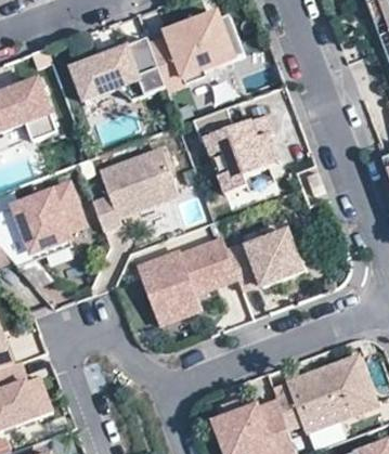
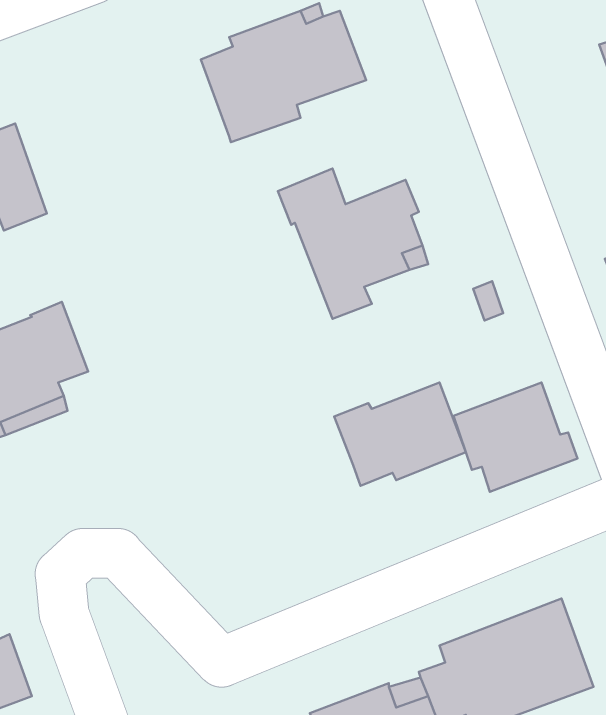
building: [70,37,165,100] -> none
building: [91,147,178,229] -> none
building: none -> [454,383,578,492]
building: [138,237,236,323] -> none

